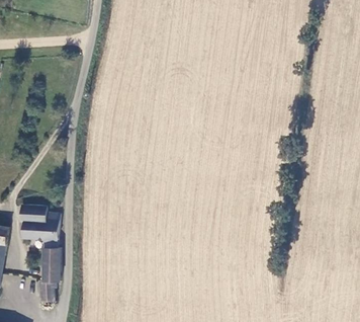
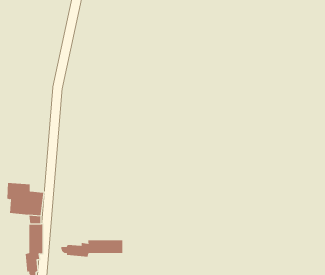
building: none -> [61,239,123,258]

